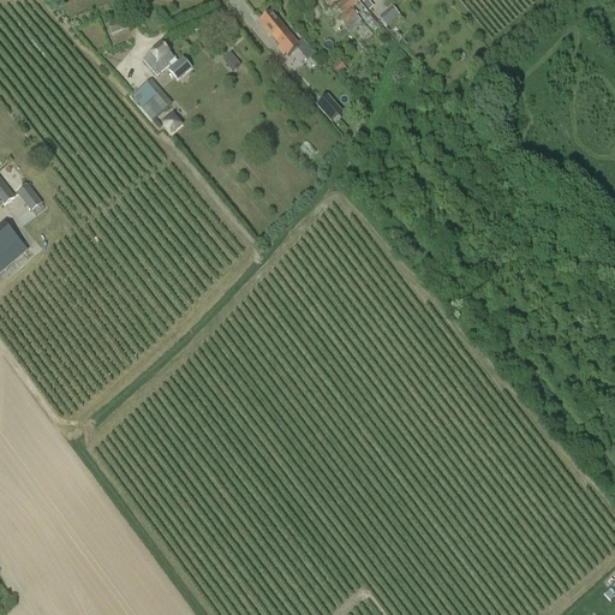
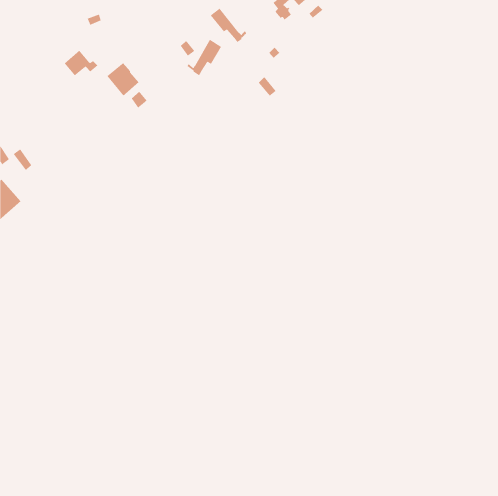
building: [142,41,184,73] -> [64,50,98,76]
building: none -> [187,39,222,76]

